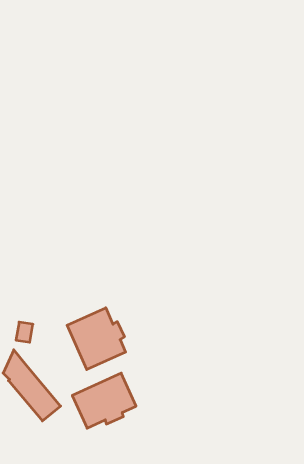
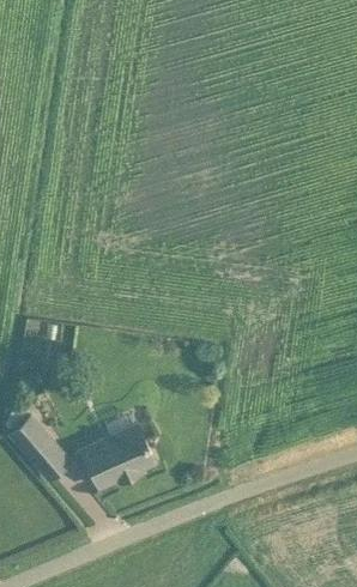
building: [67,308,126,370] -> none

